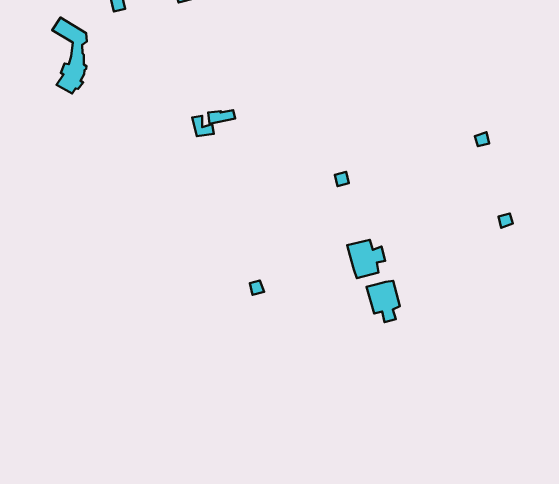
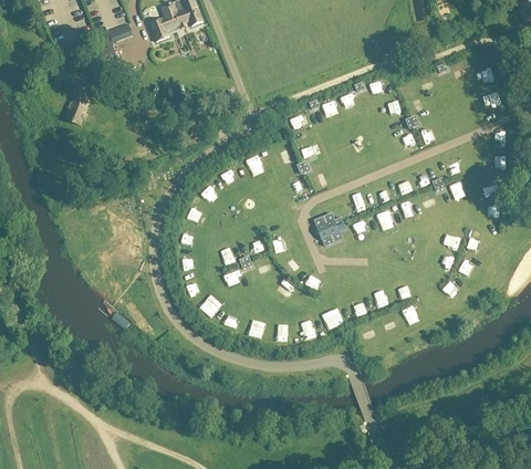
building: [367,281,400,322] -> none

